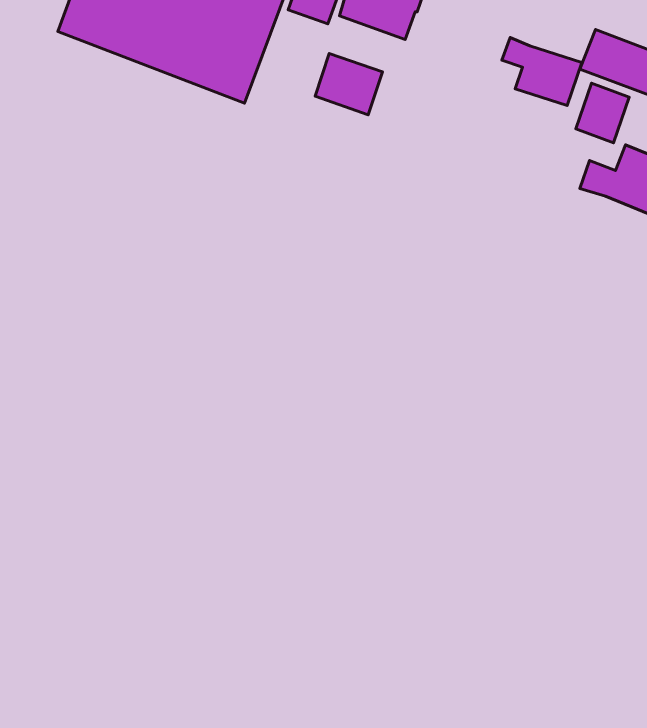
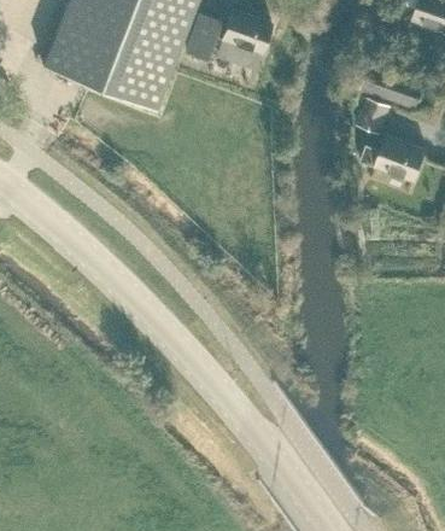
building: [502,37,582,105] -> none
building: [315,53,382,115] -> none

